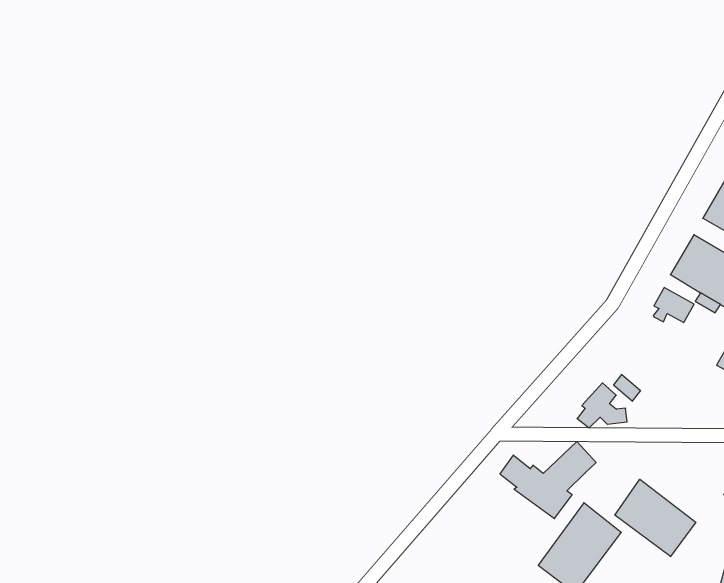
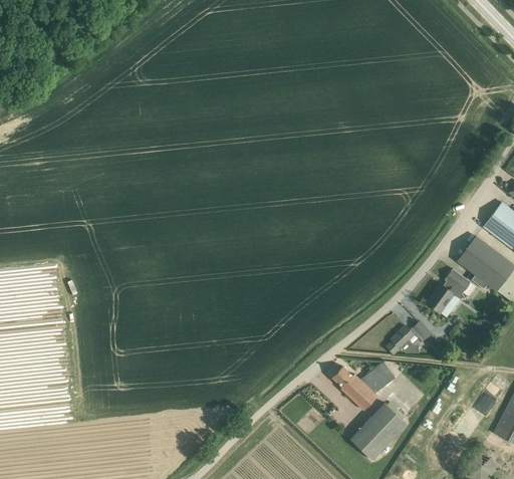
building: none -> [426,284,463,313]
building: [615,479,696,557] -> none

